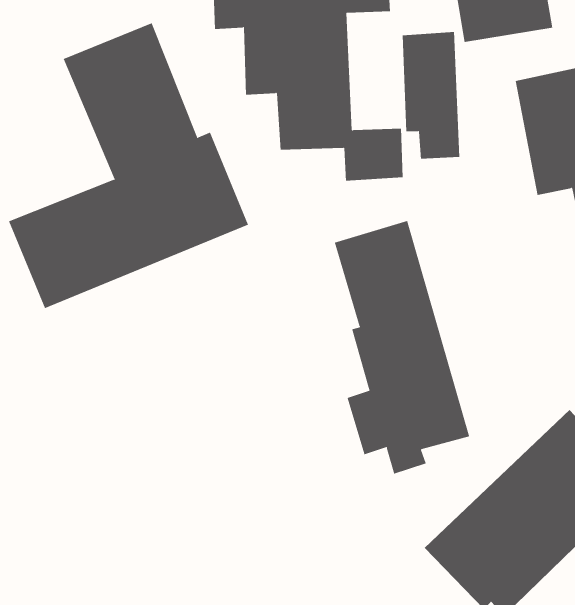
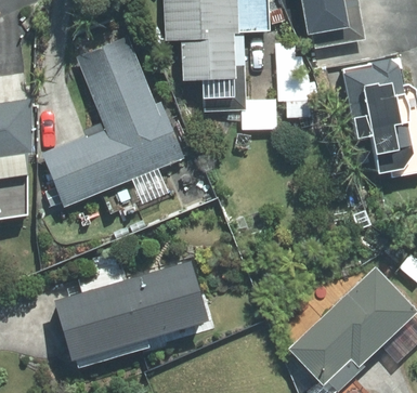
building: [334,220,470,474] -> none
building: none -> [56,261,209,358]

